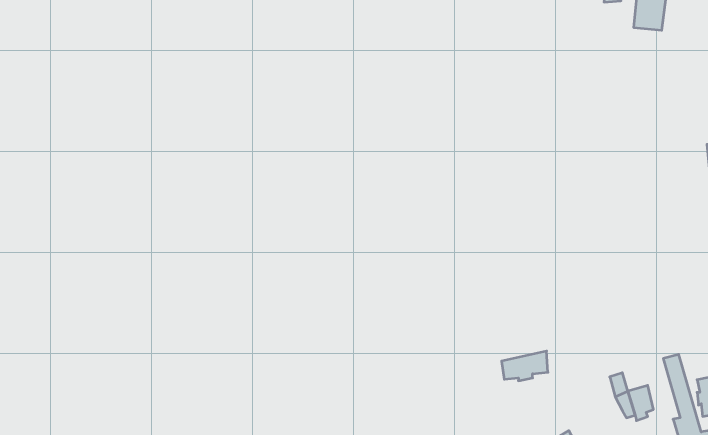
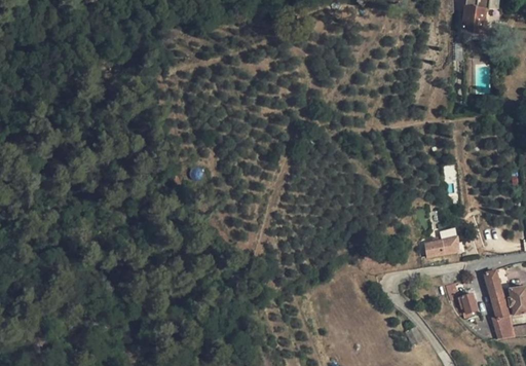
building: [502,351,548,381] -> [424,235,458,257]

